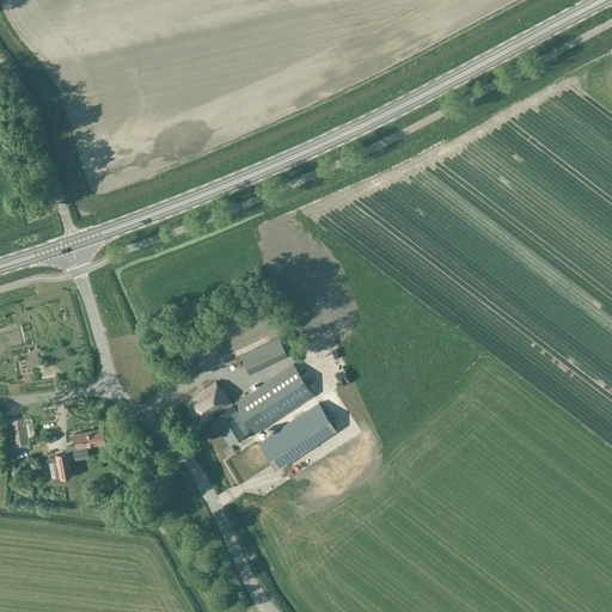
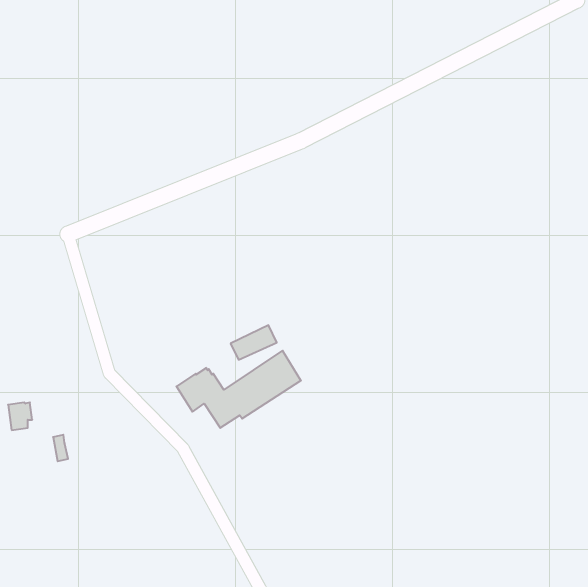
building: [257,404,330,464] -> none
building: [65,432,105,461] -> none

